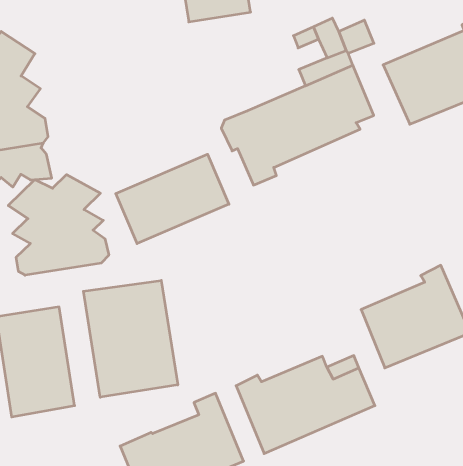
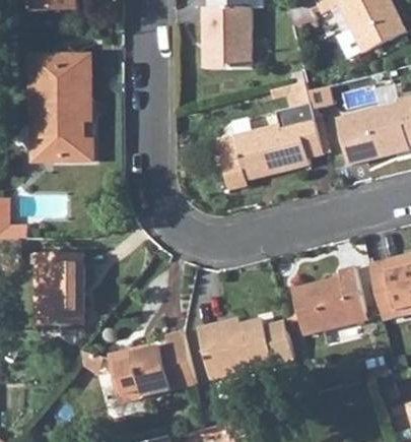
building: [116,154,229,244] -> none
building: [8,175,109,275] -> none
building: [83,280,178,397] -> none

